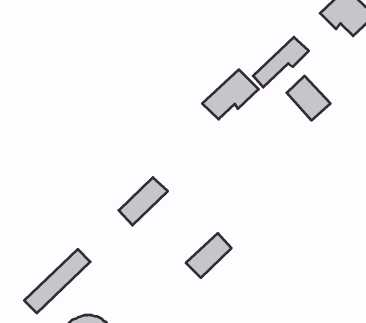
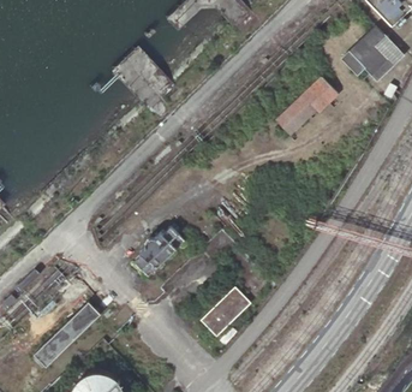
building: [202,70,259,119] -> none
building: [287,76,330,120] -> none

